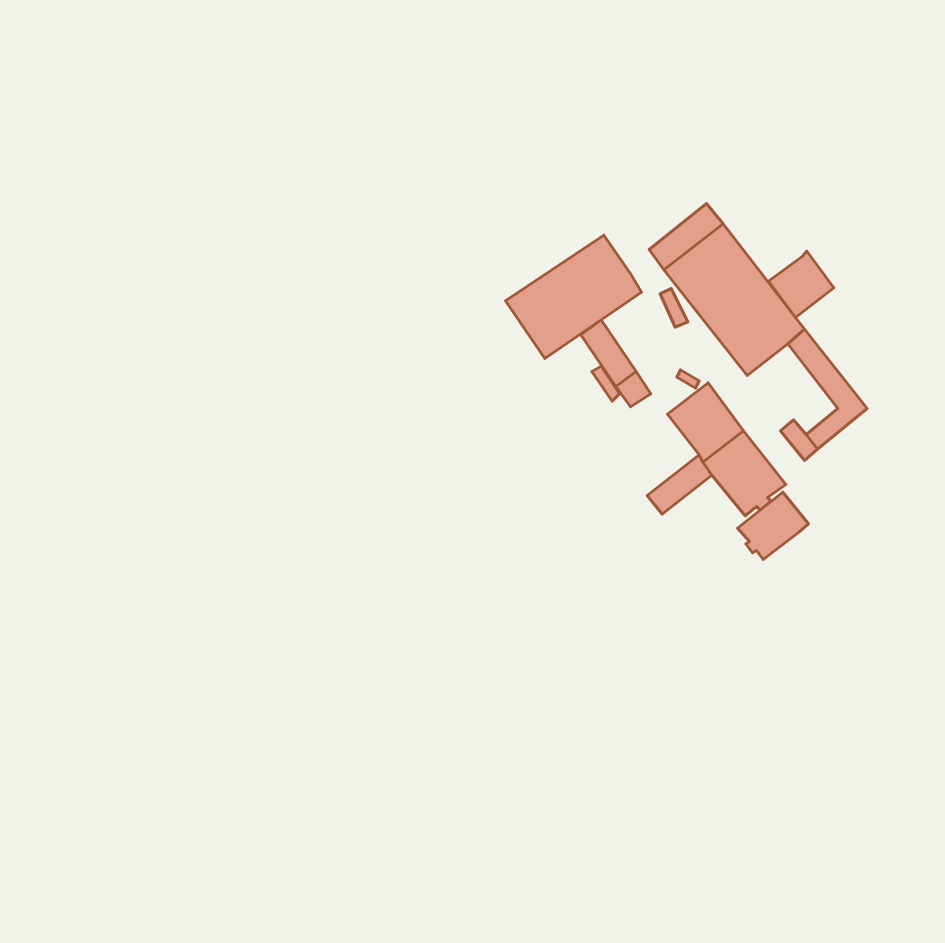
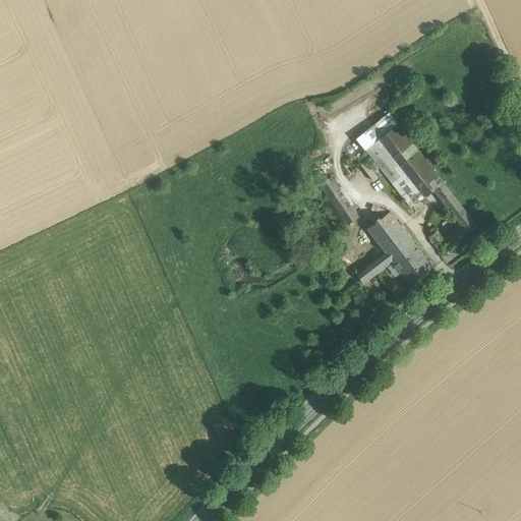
building: [506,235,641,359] -> none
building: [769,251,834,318] -> none
building: [738,492,808,560] -> none

